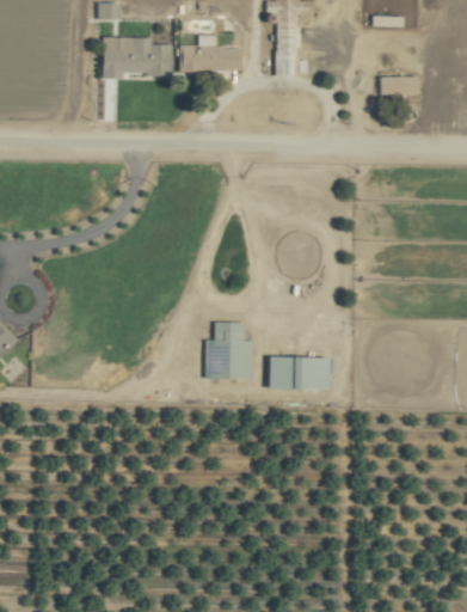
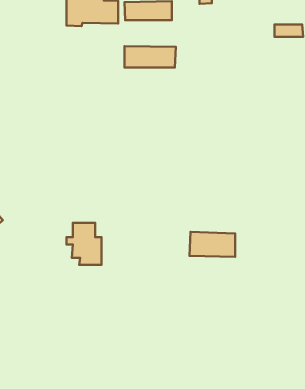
building: none -> [124,46,176,67]
building: [205,322,252,378] -> [67,223,101,265]

